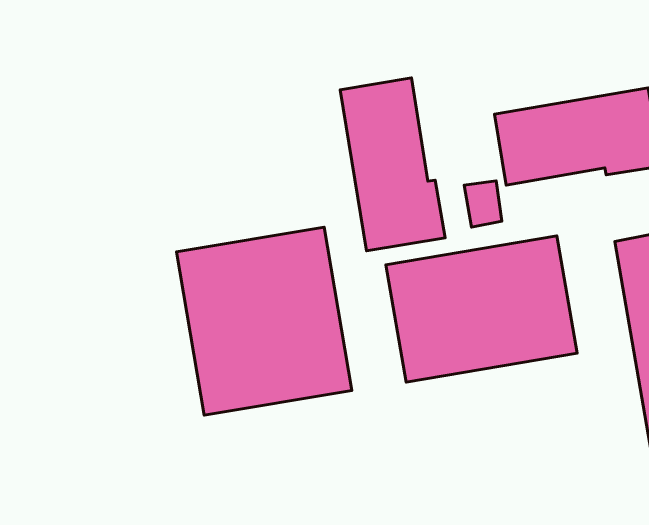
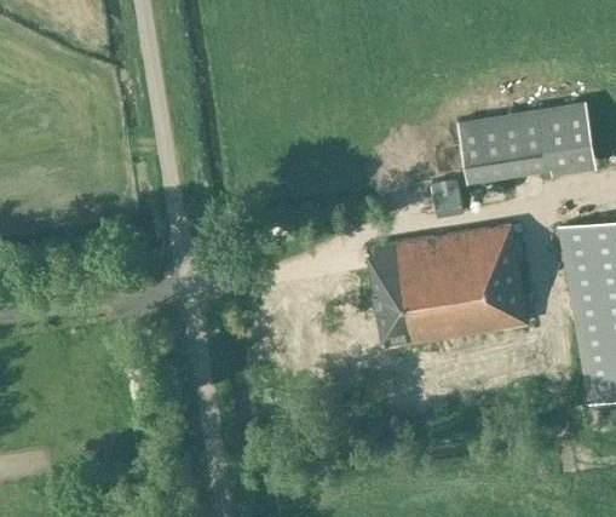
building: [340,78,445,251] -> none
building: [176,227,352,415] -> none

